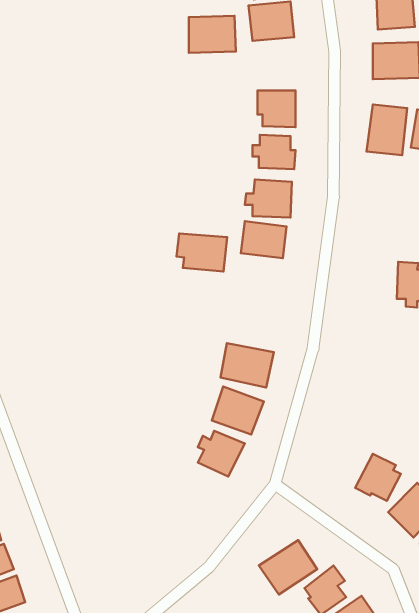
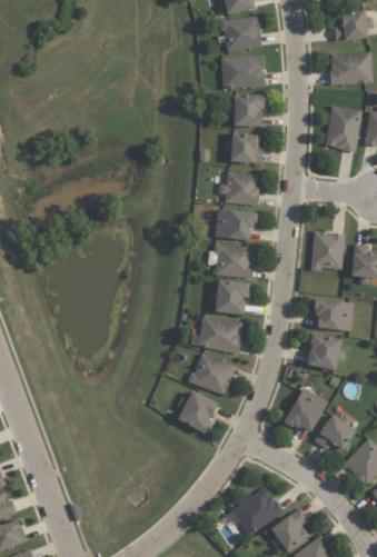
building: [189,16,236,53] -> [221,56,262,88]
building: [177,234,227,272] -> [209,243,254,277]
building: none -> [310,231,344,270]
building: none -> [215,279,248,314]
building: none -> [314,298,354,330]
building: none -> [307,332,345,369]
building: none -> [285,387,327,432]

